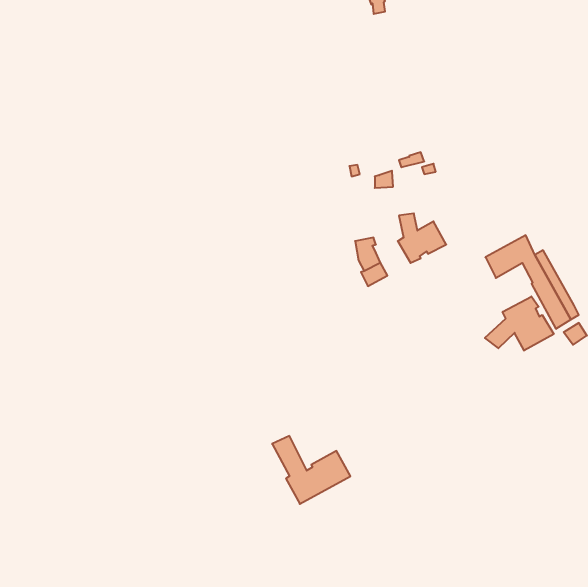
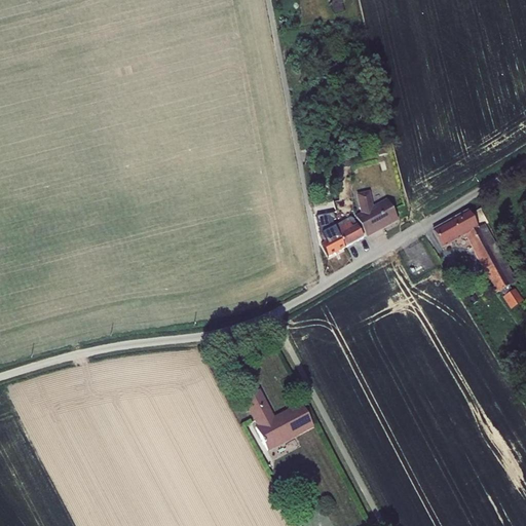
building: none -> [336,217,364,246]
building: [485,296,554,351] -> none

